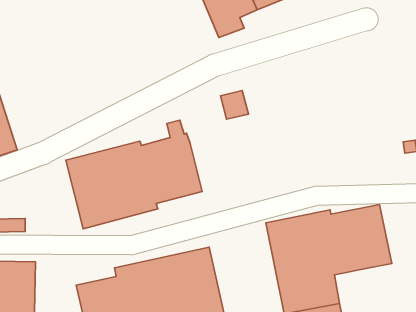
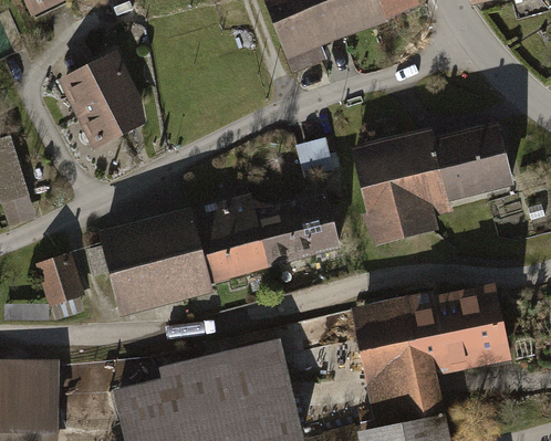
building: none -> [55,46,153,148]
building: none -> [351,119,514,245]
building: none -> [256,190,339,269]
building: none -> [34,252,84,321]

